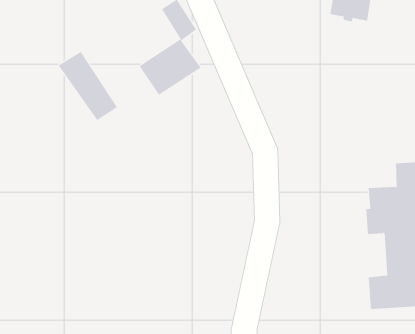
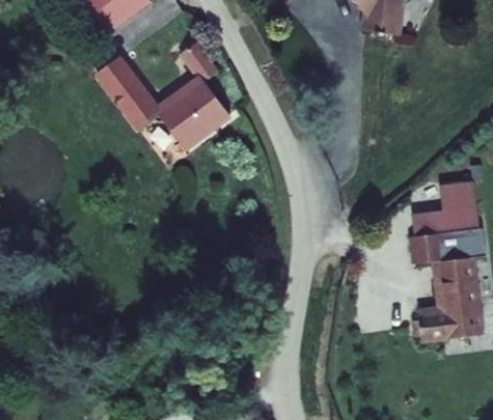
building: [58,51,118,121] -> [92,50,159,123]

